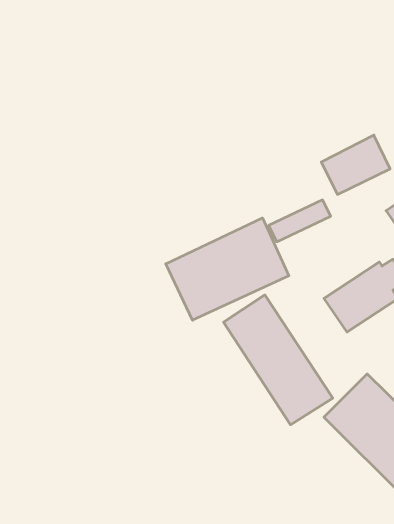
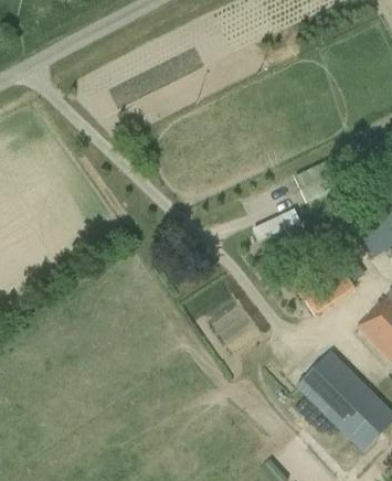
building: [166,218,289,320] -> none
building: [224,295,333,425] -> none

